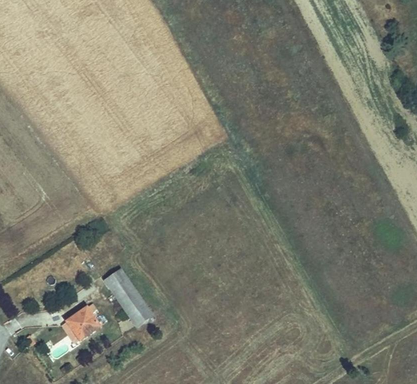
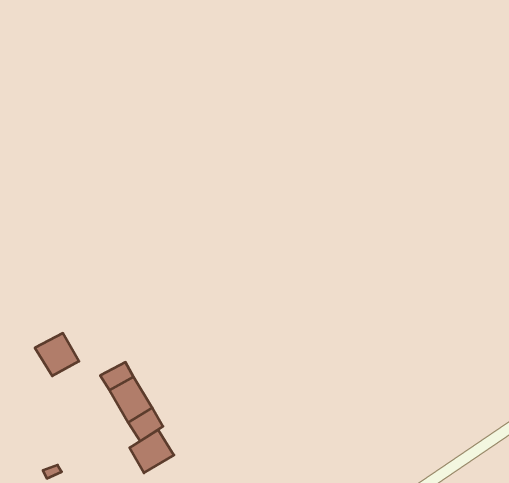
building: [67,309,100,341] -> [35,333,79,376]
building: none -> [130,430,174,473]

